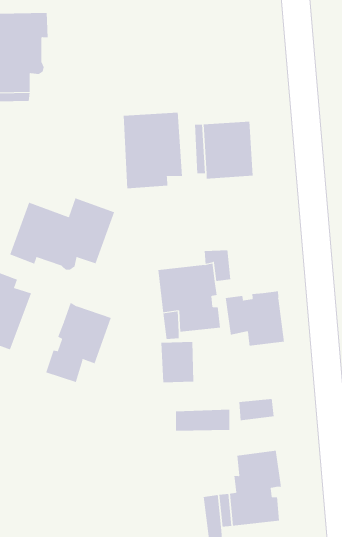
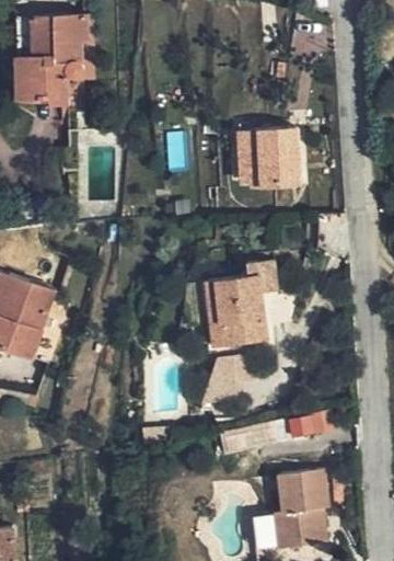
building: [123,112,182,189] -> none
building: [9,197,115,270] -> none
building: [225,291,284,347] -> none
building: [45,302,112,383] -> none

